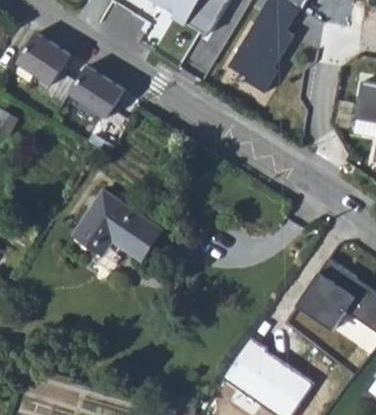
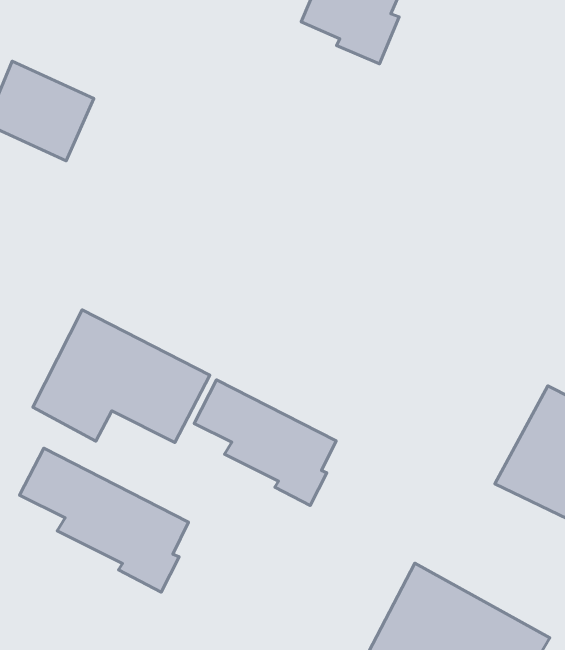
building: none -> [194,380,336,505]
building: none -> [20,448,189,592]

